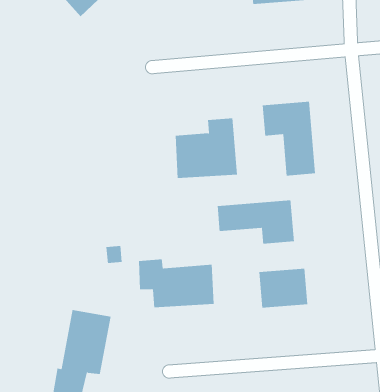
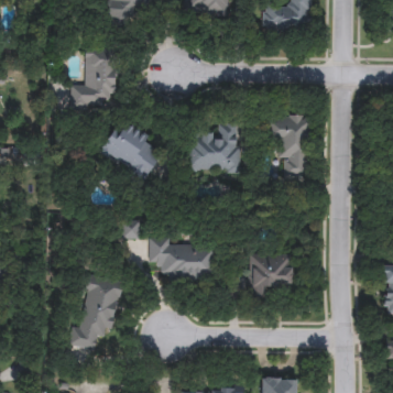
building: none -> [72,51,116,109]
building: none -> [98,123,162,182]
building: [217,199,294,244] -> none

